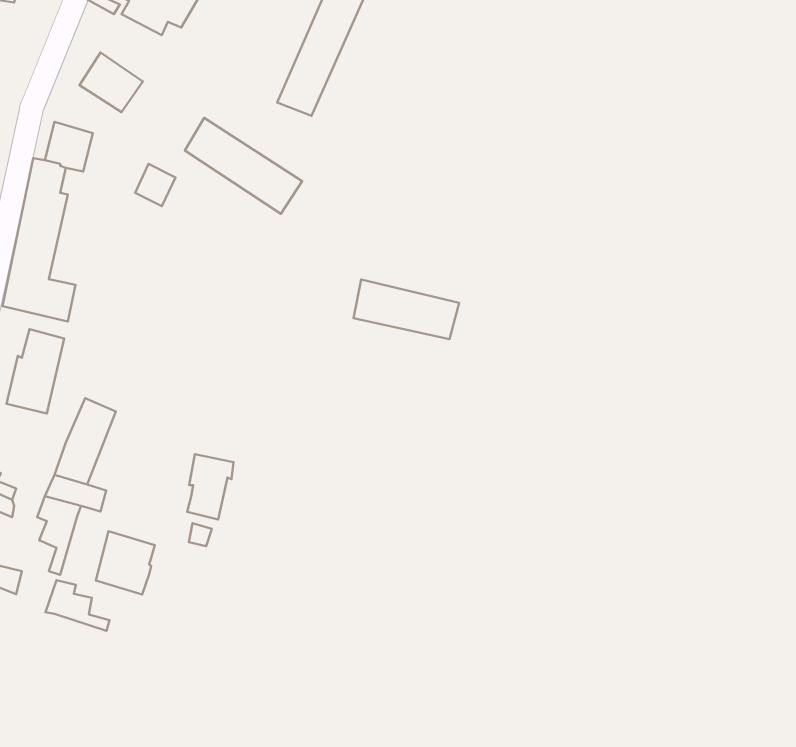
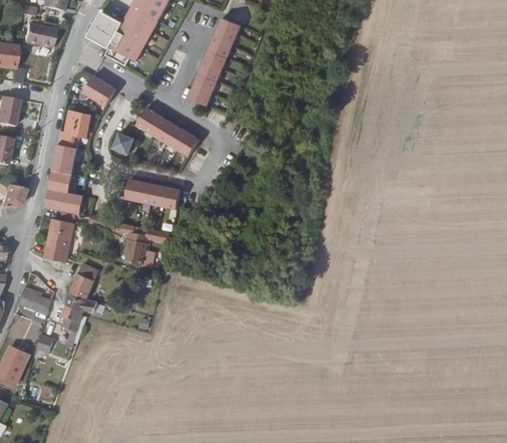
building: [354,280,459,339] -> [123,177,179,208]
building: [187,454,233,520] -> [123,232,148,266]
building: [96,531,155,595] -> none
building: [45,580,109,631] -> none

